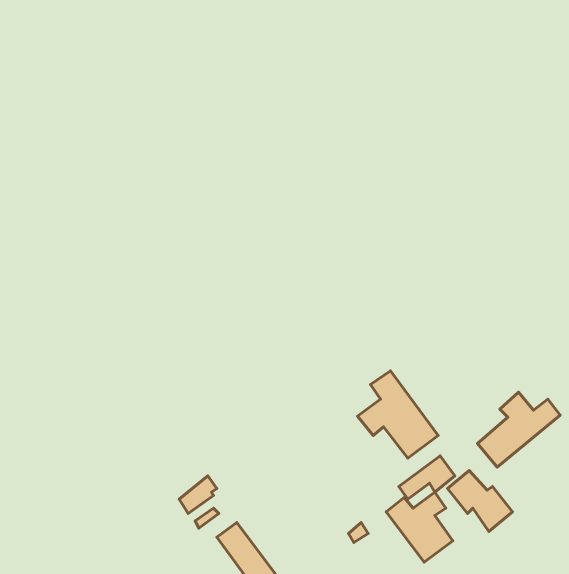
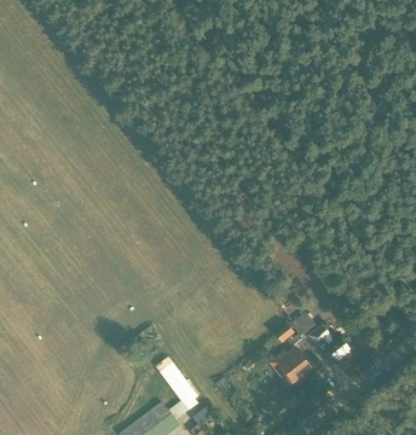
building: [357,371,438,458] -> none
building: [477,392,560,467] -> none

